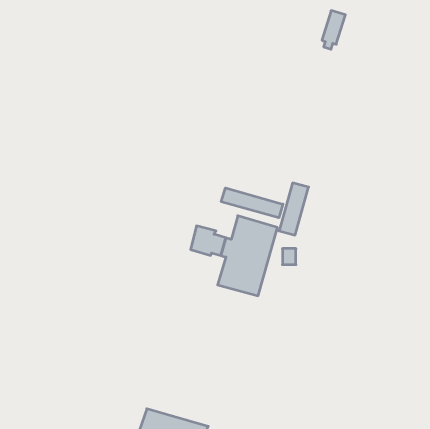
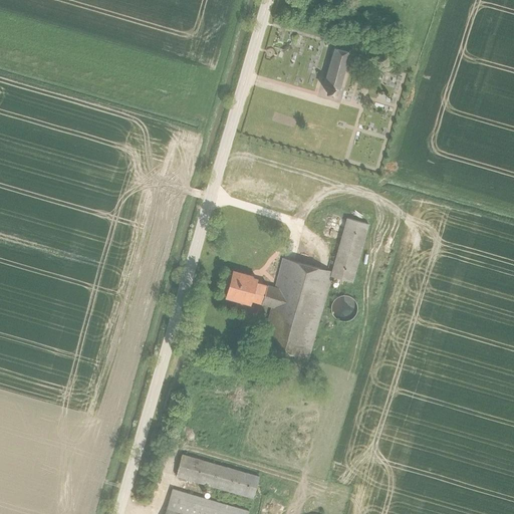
building: [322,11,345,49] -> [318,52,346,98]
building: [221,188,283,218] -> none
building: none -> [178,455,259,497]

